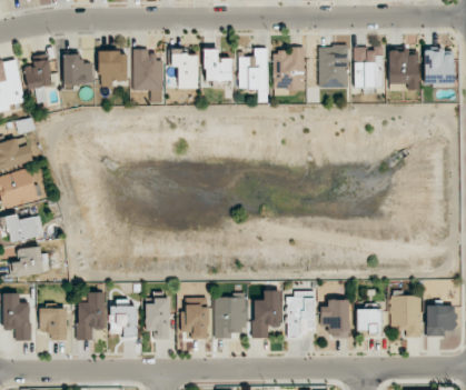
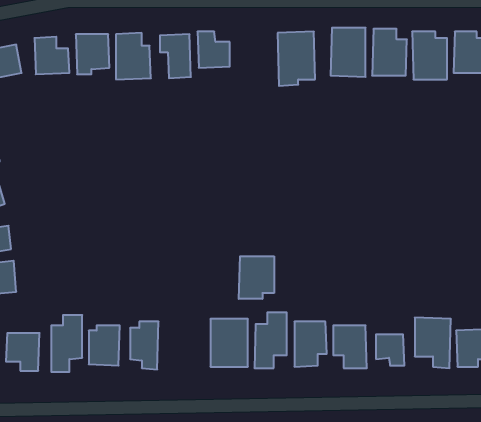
building: [239,48,268,102] -> none
building: none -> [239,256,274,299]
building: [181,306,209,339] -> none

